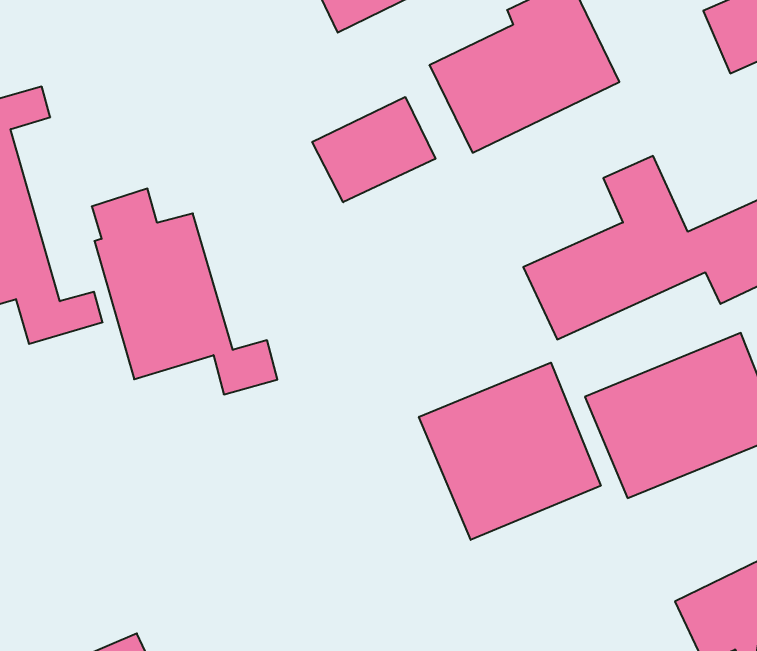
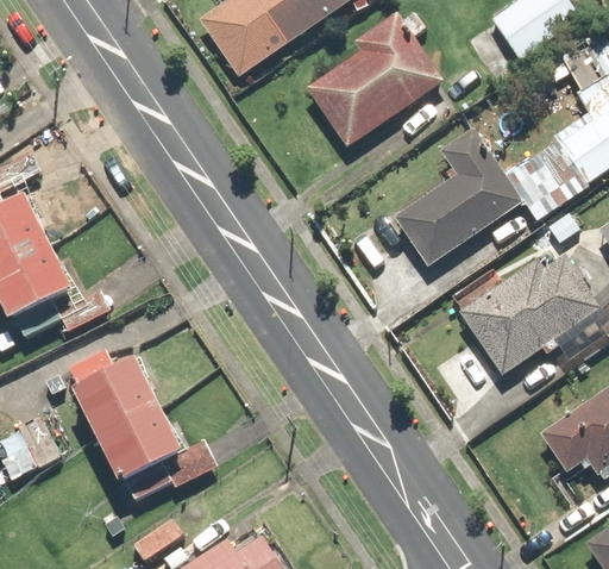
building: [312,97,435,202] -> none
building: [92,189,277,394] -> [69,349,219,483]
building: [419,363,601,540] -> none

